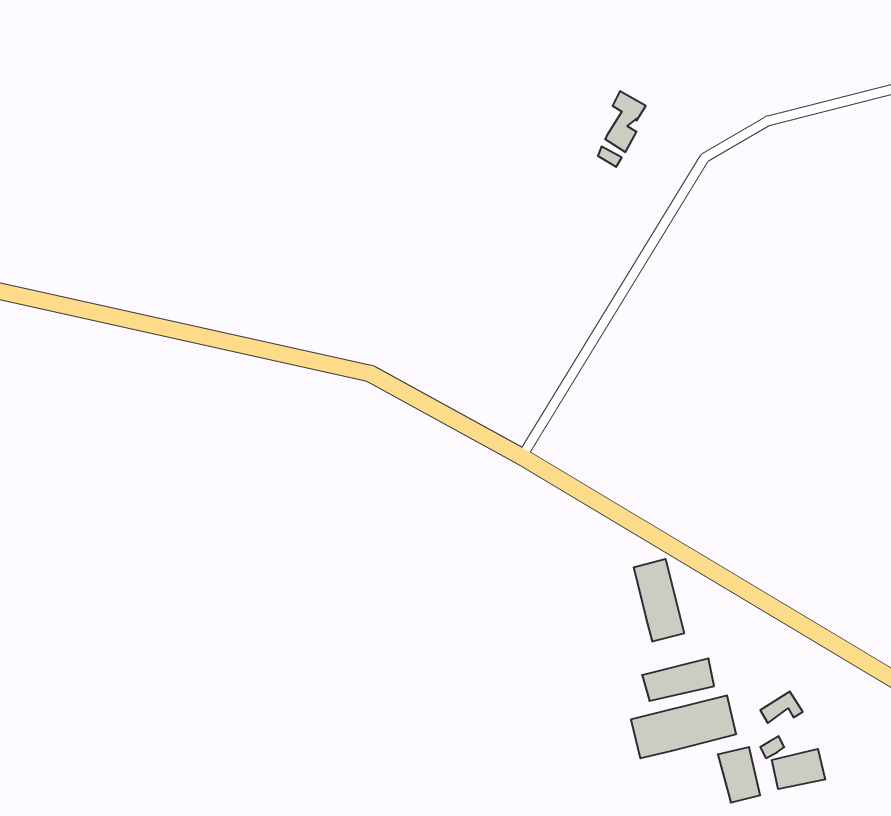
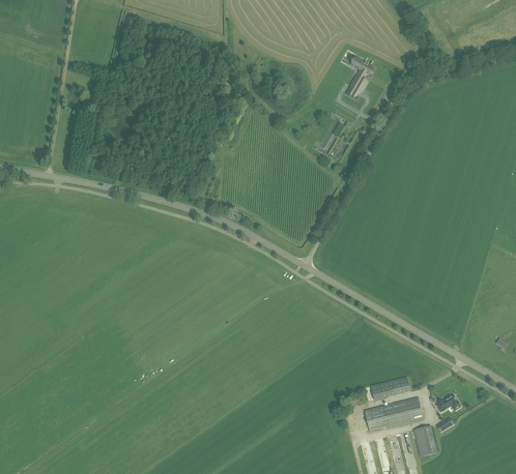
building: [634,559,684,642] -> none
building: [772,749,825,789] -> none

